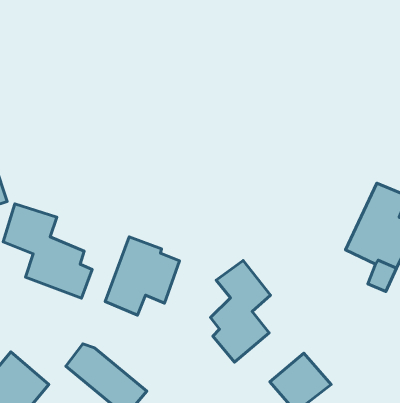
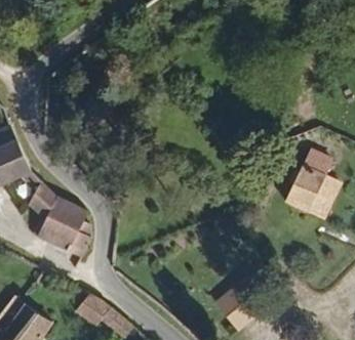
building: [105,237,180,315] -> none
building: [210,261,270,362] -> none

